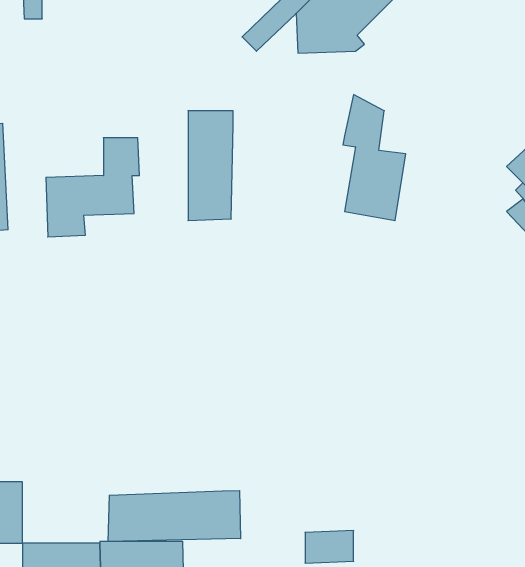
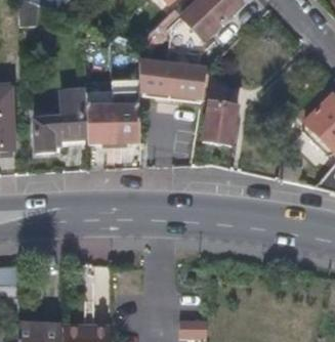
building: none -> [137,61,206,95]
building: none -> [82,81,112,144]
building: [108,491,241,541] -> none

